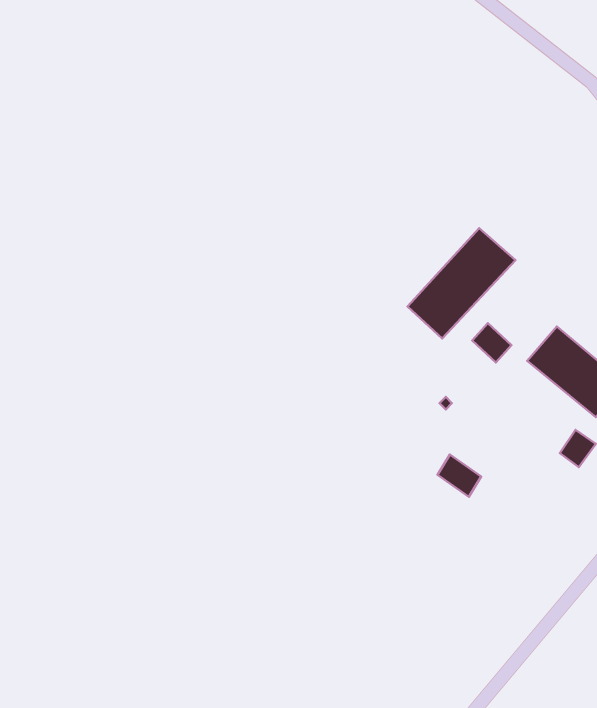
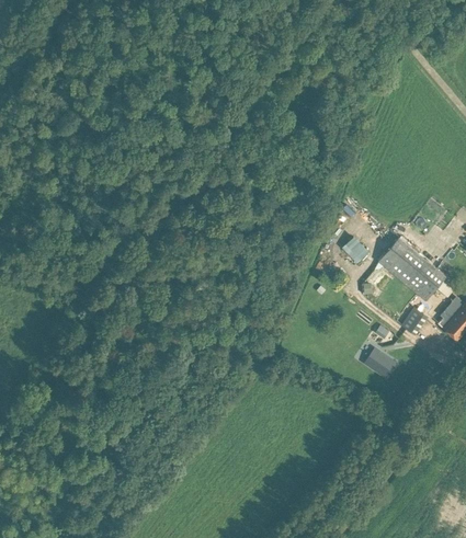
building: [408,228,515,339] -> none
building: [437,454,481,497] -> [365,348,396,378]

